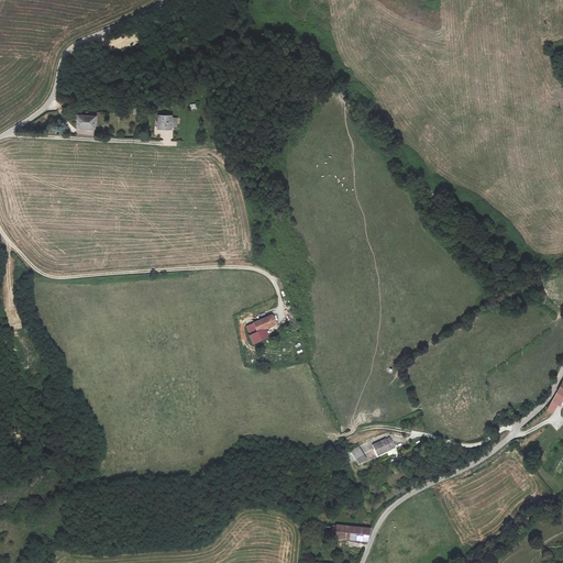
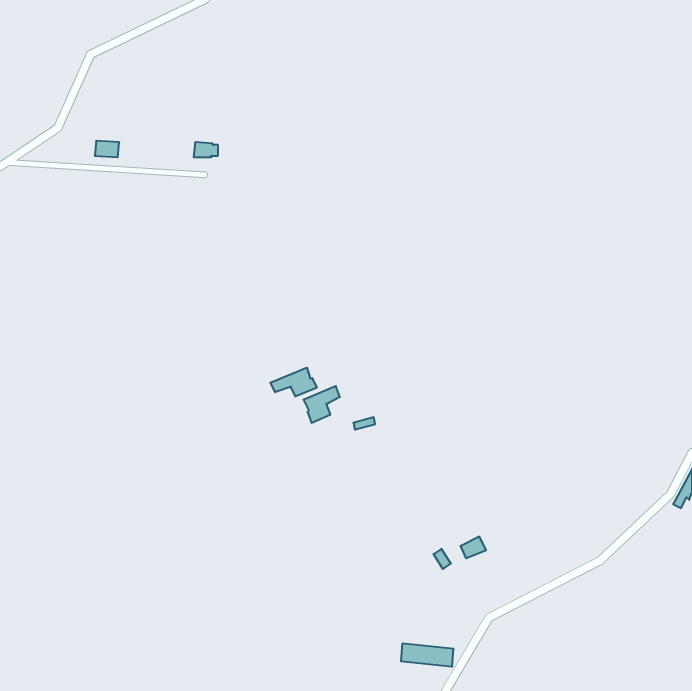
building: none -> [270,368,317,396]

